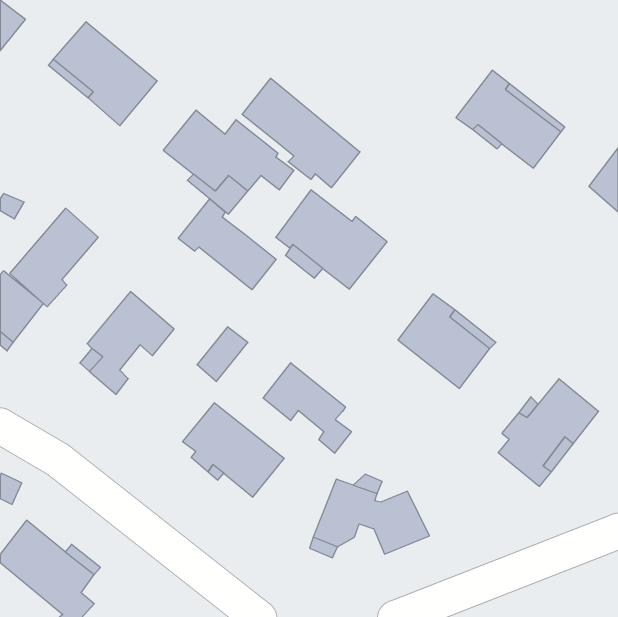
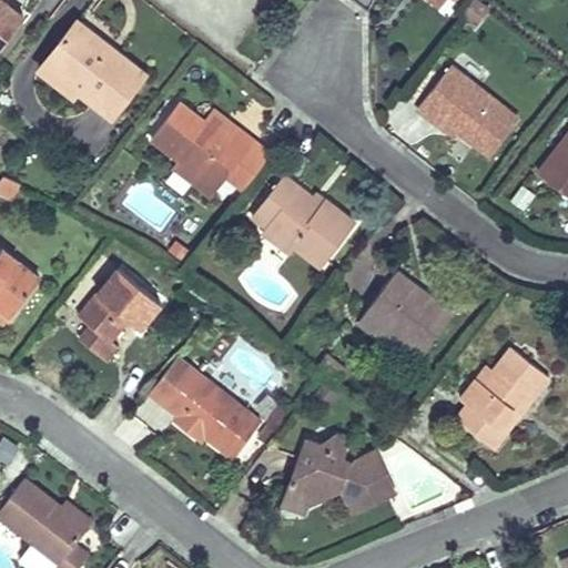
building: [242,78,360,188] -> none
building: [178,199,276,290] -> none
building: [10,208,98,307] -> none
building: [197,327,248,381] -> [150,356,196,406]
building: [263,363,351,453] -> none

